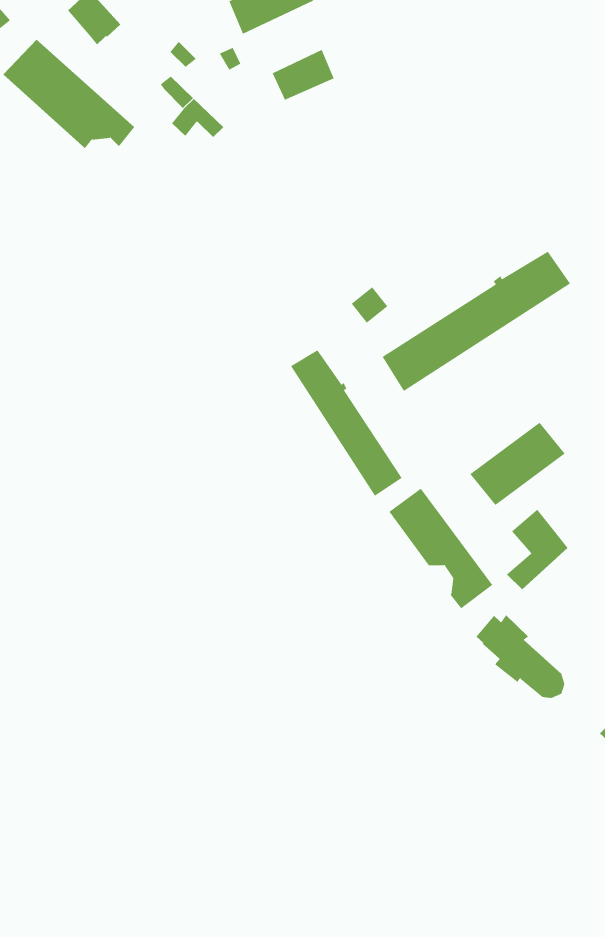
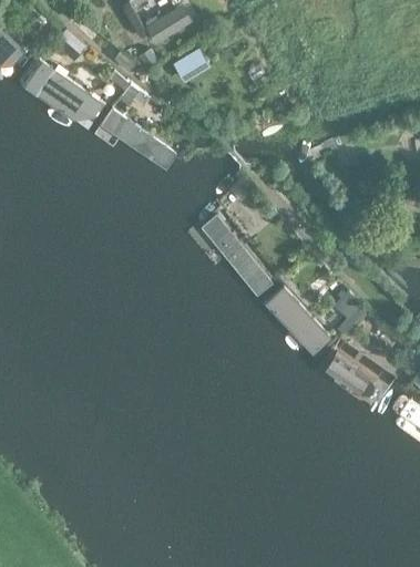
building: none -> [103,111,177,171]
building: [382,251,571,392] -> none
building: [470,422,566,506] -> none

